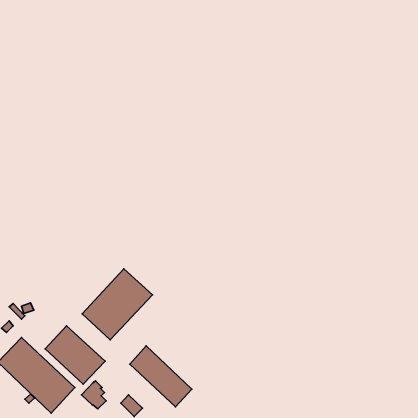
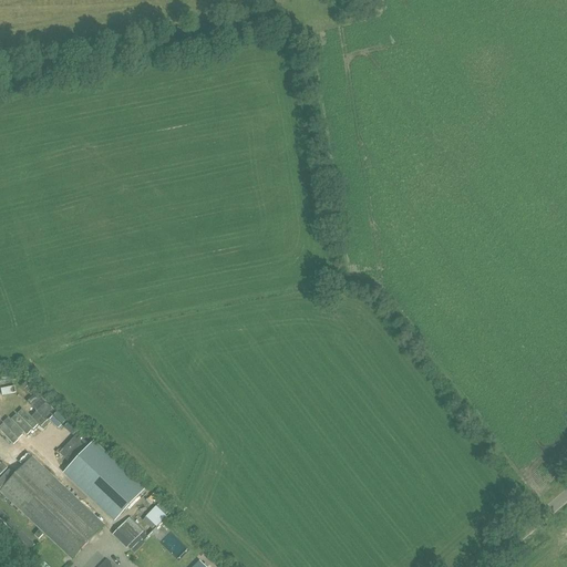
building: [82,269,153,340] -> none
building: [130,346,192,407] -> none

